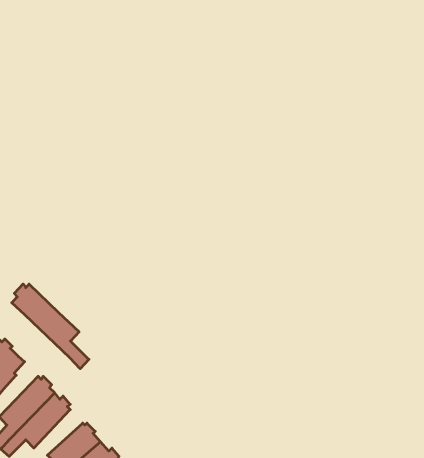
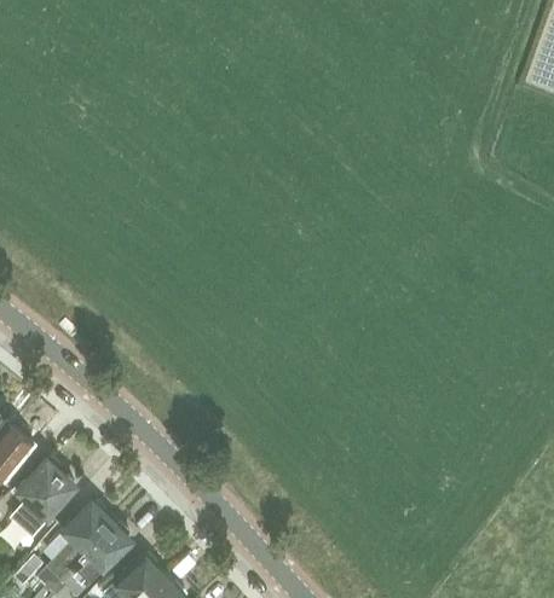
building: [12,284,89,369] -> none

